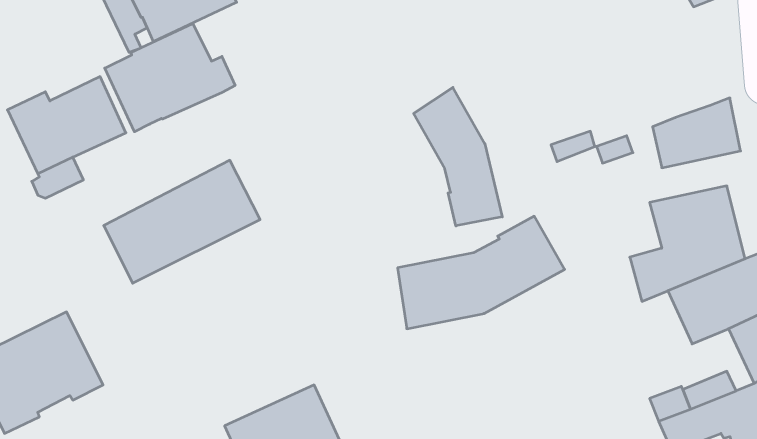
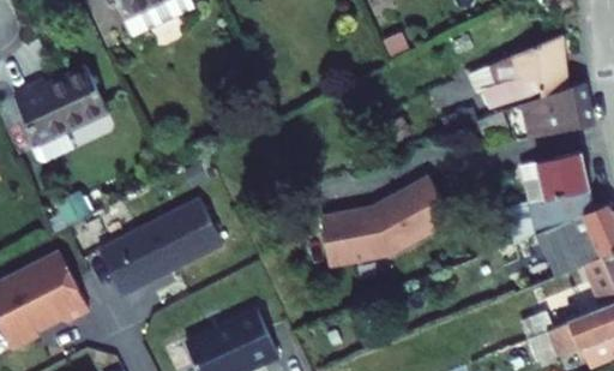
building: [105,24,235,132] -> none
building: none -> [469,35,568,109]
building: [414,87,502,226] -> none
building: [104,160,260,283] -> [100,198,223,295]

